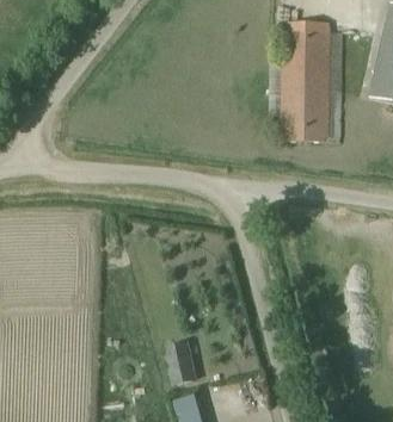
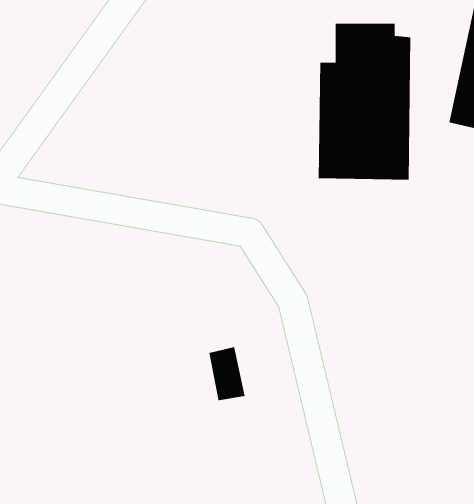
building: [165,340,194,381] -> [208,346,246,401]

